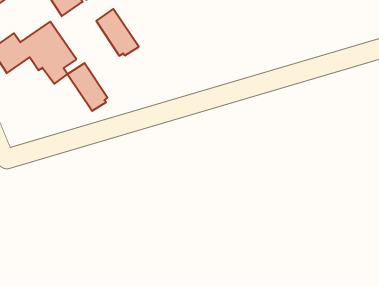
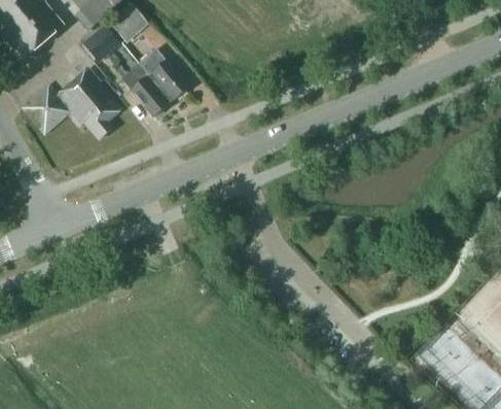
building: [68,63,107,111] -> [120,64,168,116]

